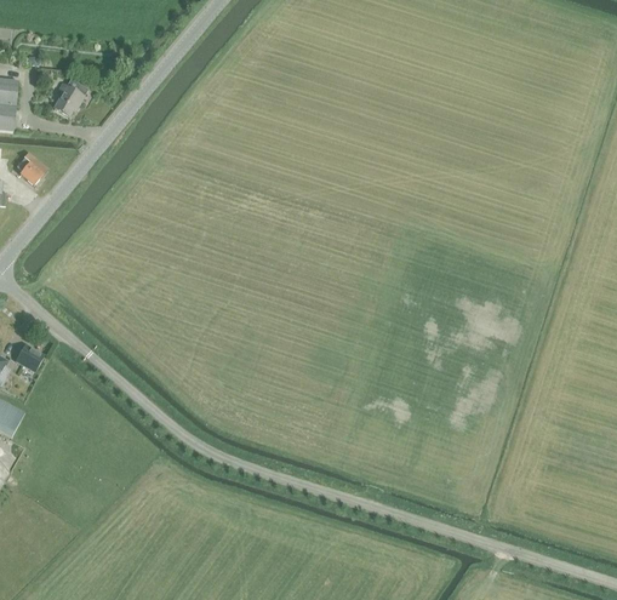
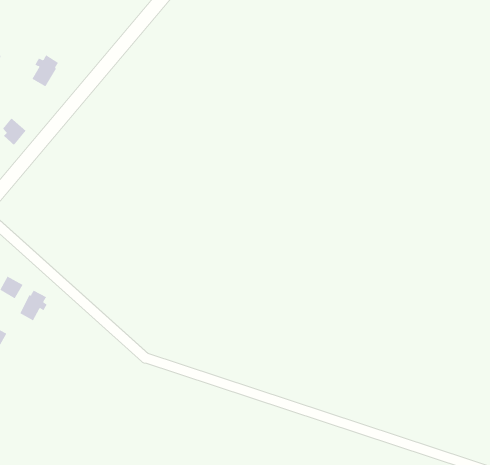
building: none -> [19,290,48,321]

